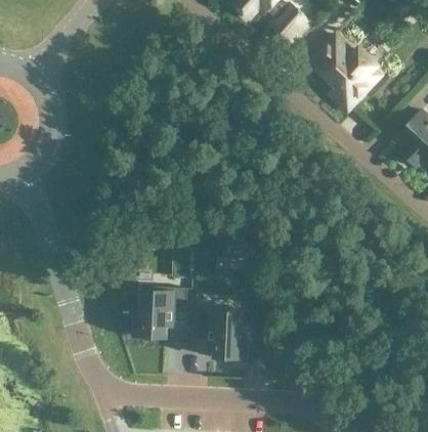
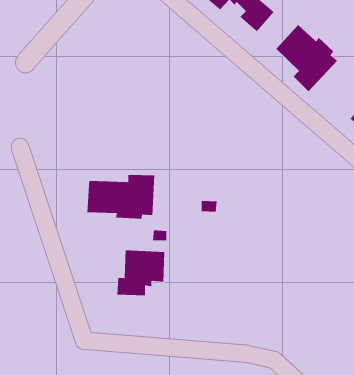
building: none -> [87,174,155,220]
building: [196,311,248,359] -> none

